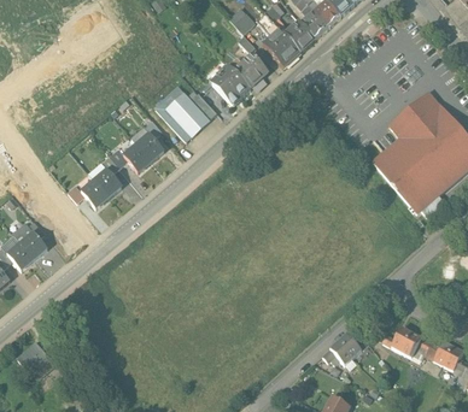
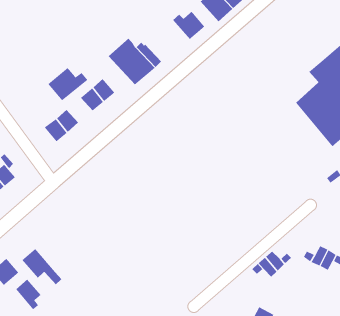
building: [206,59,250,104] -> none
building: none -> [48,67,88,101]
building: none -> [21,248,62,285]
building: none -> [15,279,41,310]

